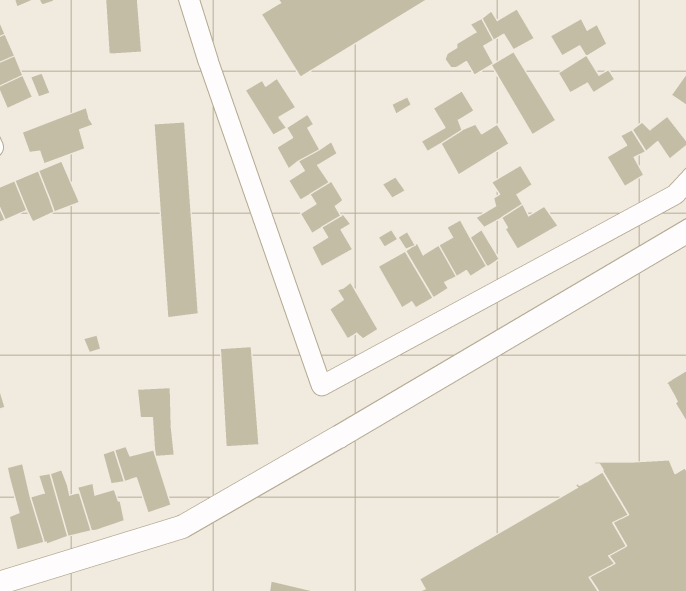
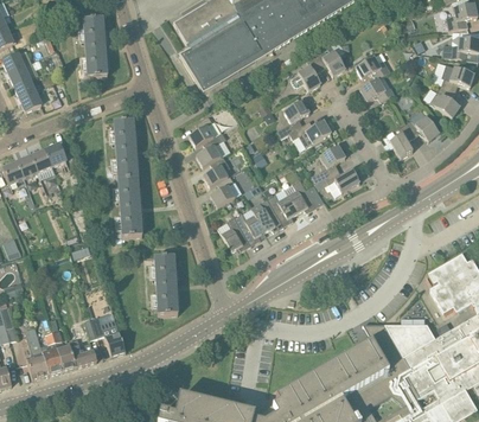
building: [491,51,556,135] -> none
building: [245,78,296,135] -> none
building: [22,108,93,164] -> none
building: none -> [234,205,264,243]
building: [137,387,174,457] -> none

